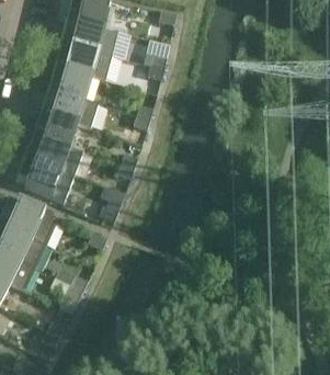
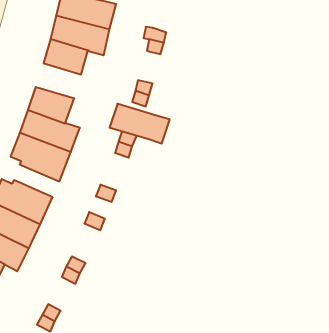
building: [42,89,100,127] -> [110,104,170,144]

